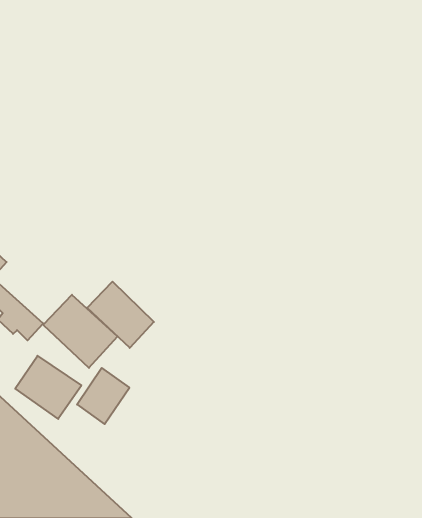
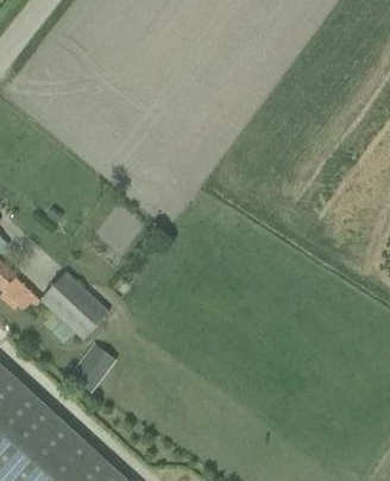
building: [87,282,154,348] -> none
building: [15,356,81,419] -> none

